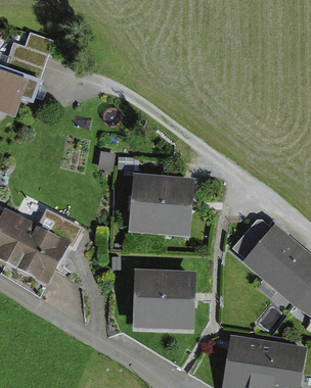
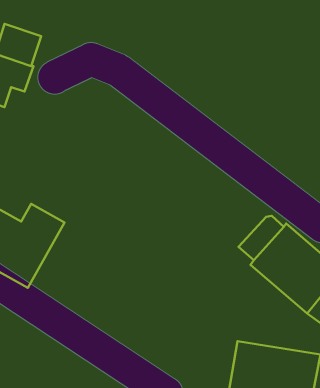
building: [129,174,194,238] -> none
building: [133,270,195,331] -> none

